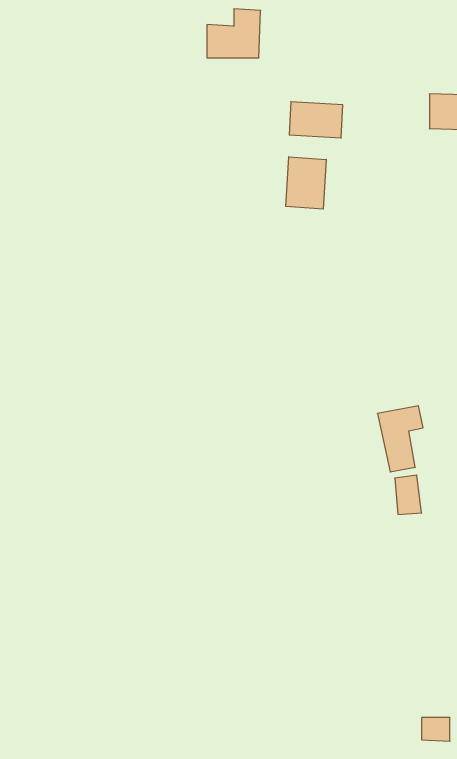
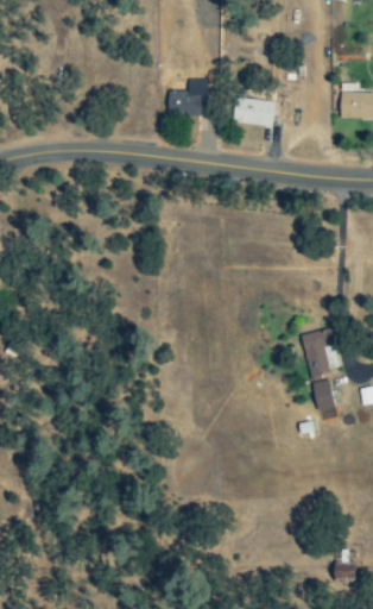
building: [207,9,261,58] -> [167,77,208,114]
building: [286,157,326,209] -> none

